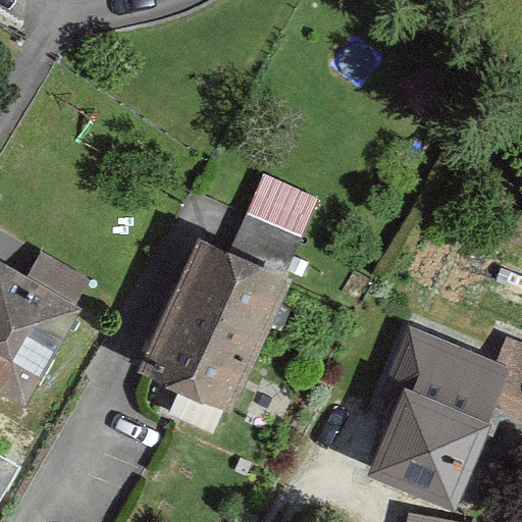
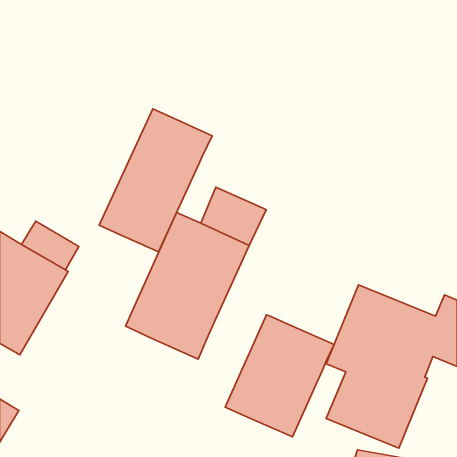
building: none -> [99,109,212,252]
building: none -> [225,315,334,437]

